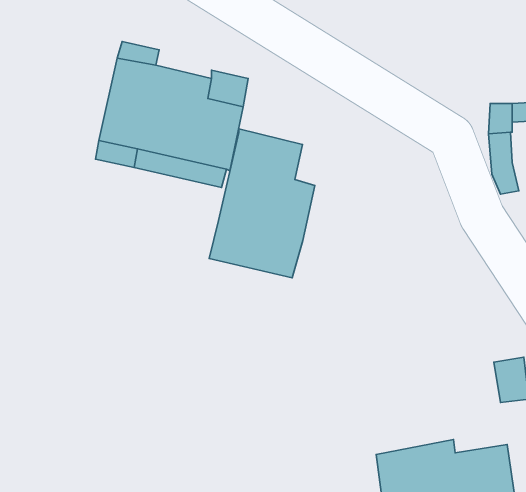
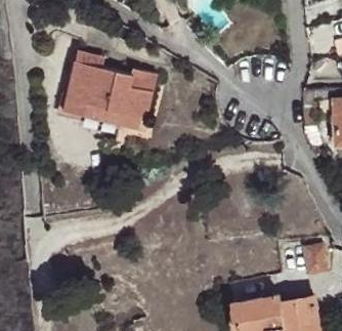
building: [209,129,315,278] -> none

